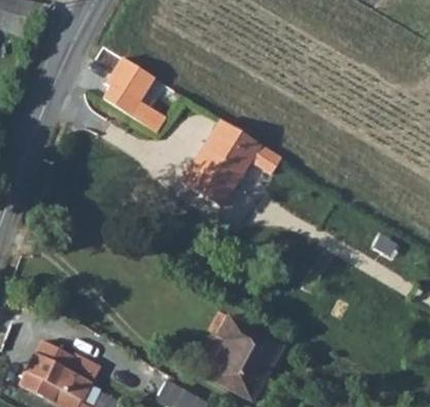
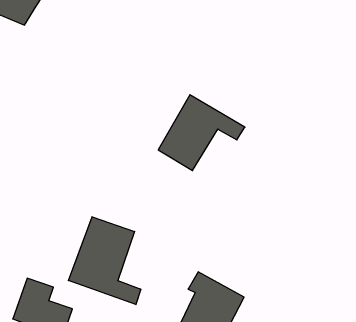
building: [104,60,167,134] -> none
building: none -> [68,217,141,305]

